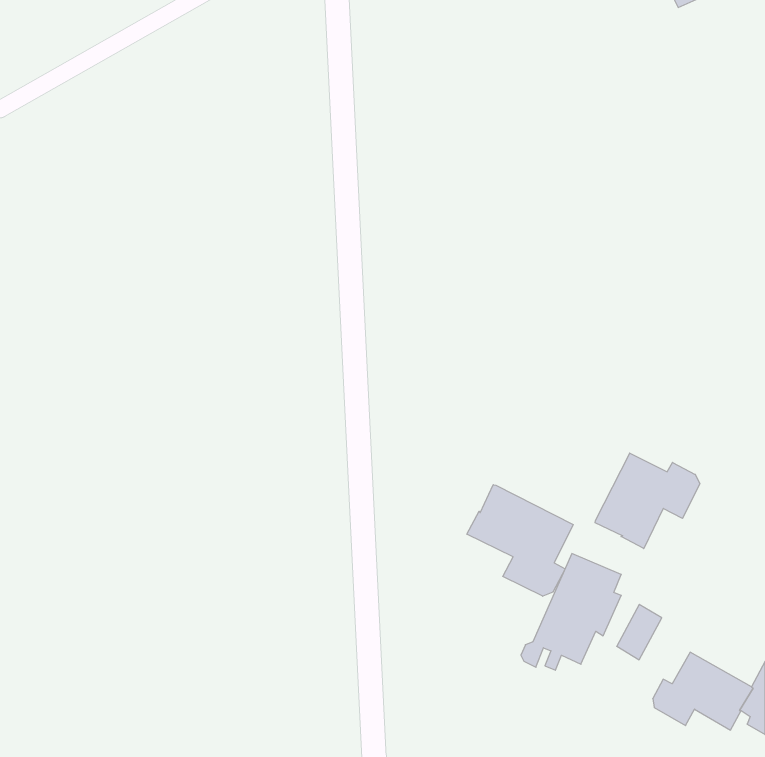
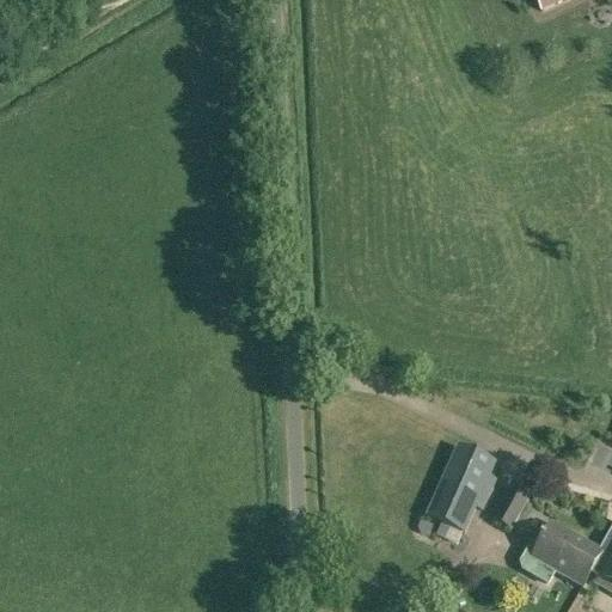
building: [595,453,700,549] -> none
building: [467,485,573,596] -> none

